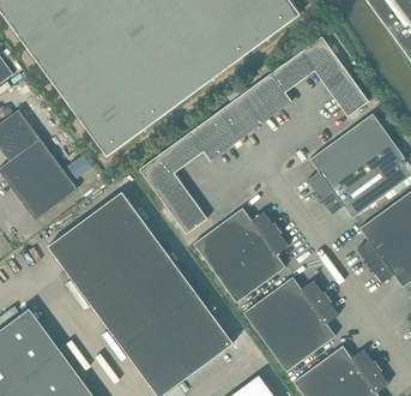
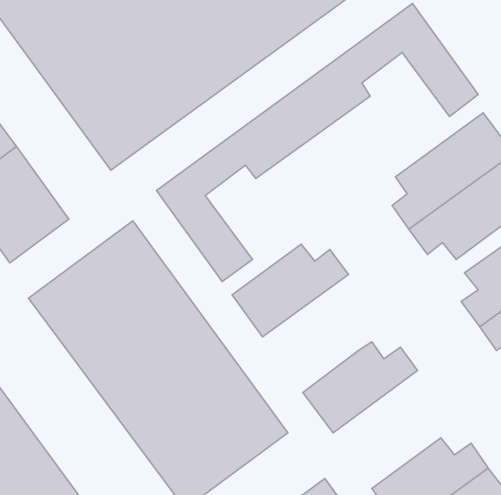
building: [214,229,288,302] -> none
building: [265,298,338,372] -> none

